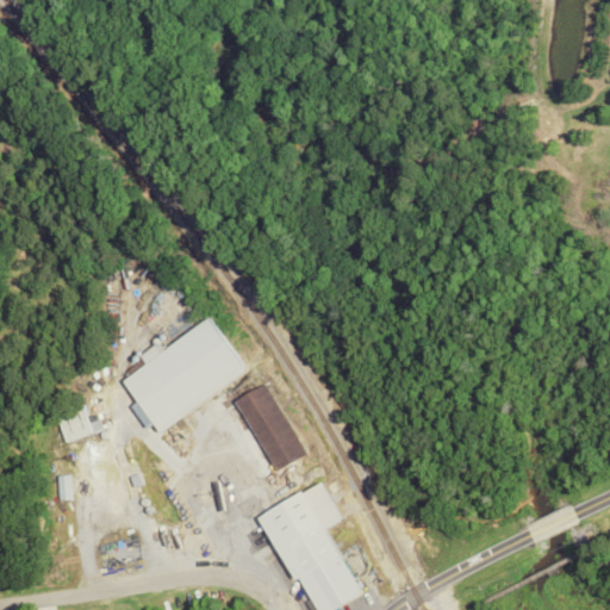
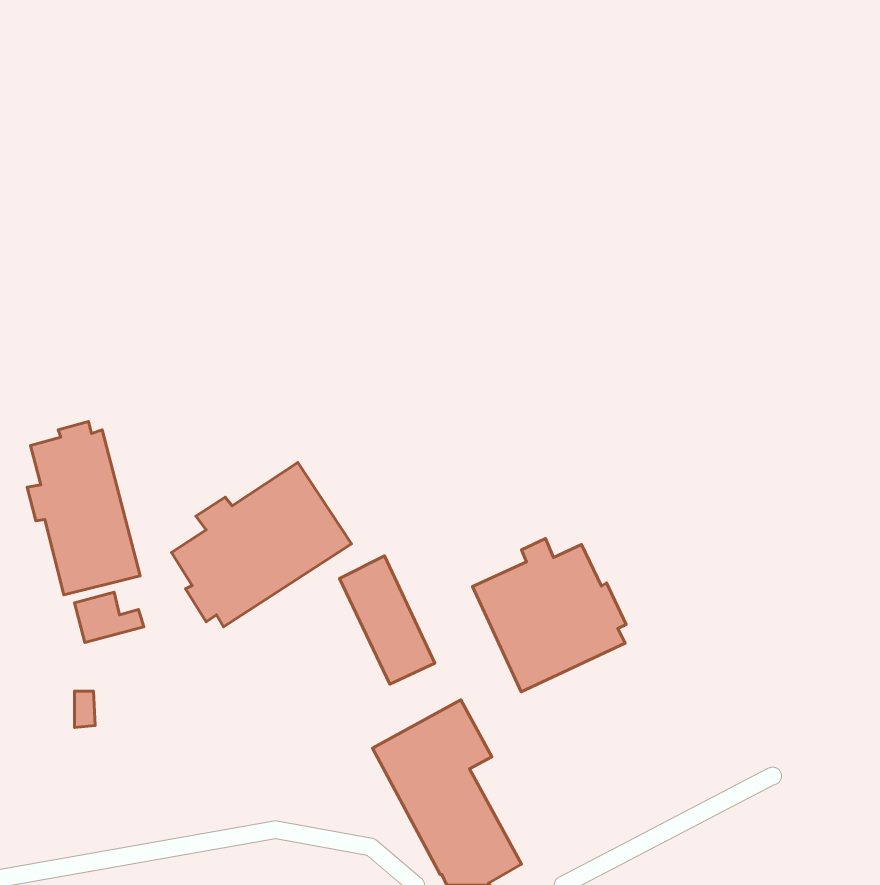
building: none -> [27,421,140,595]
building: none -> [473,538,626,692]

